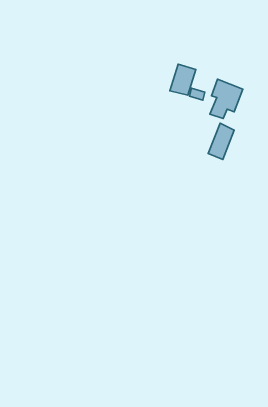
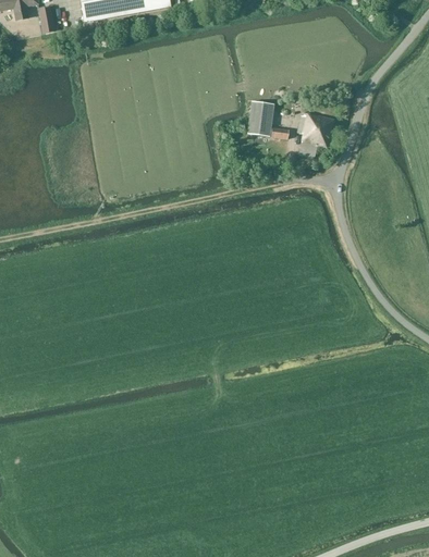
building: [208,123,234,160] -> none

